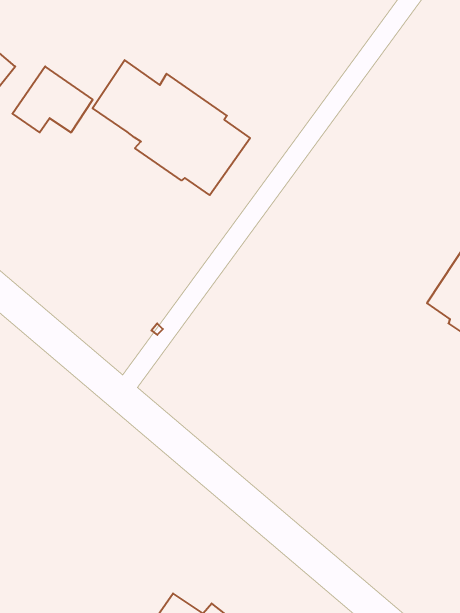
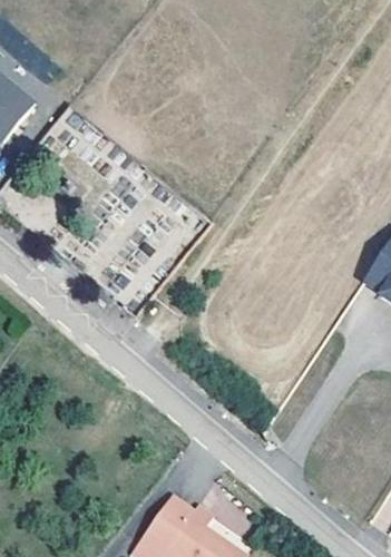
building: [93,60,250,195] -> none

